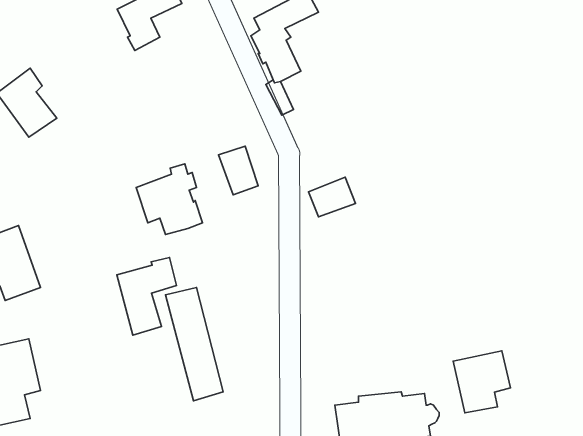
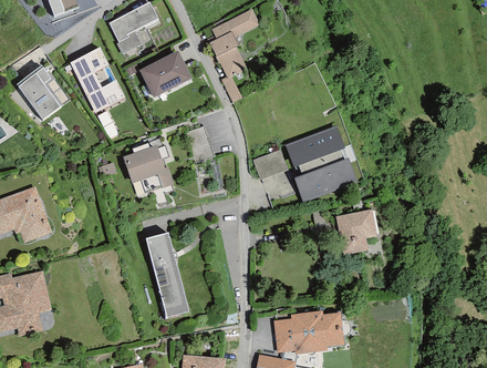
building: none -> [69,47,125,112]
building: none -> [138,50,191,98]
building: none -> [284,124,356,201]
building: [117,258,176,335] -> none
building: [453,351,511,413] -> [334,207,377,254]

